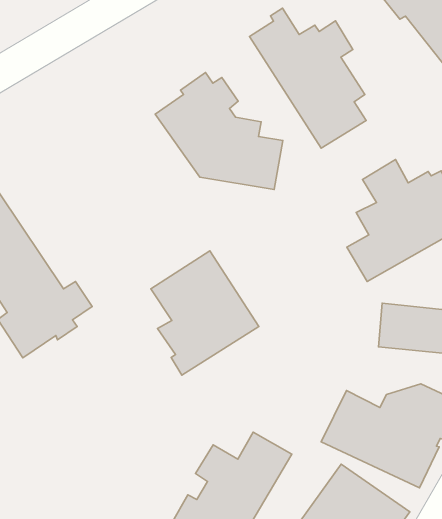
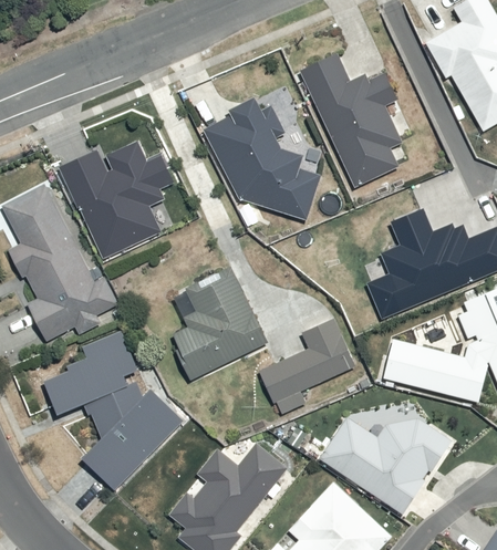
building: none -> [61,142,176,257]
building: none -> [265,320,361,411]
building: none -> [50,333,186,490]

